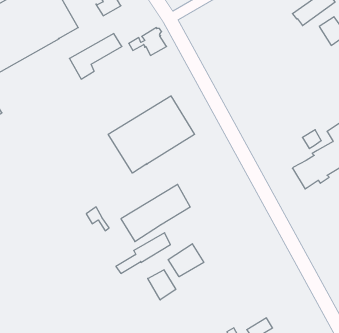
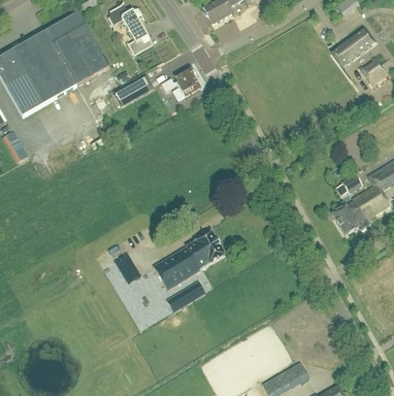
building: [108,96,195,173] -> none
building: [168,244,204,277] -> none
building: [148,270,176,300] -> none

